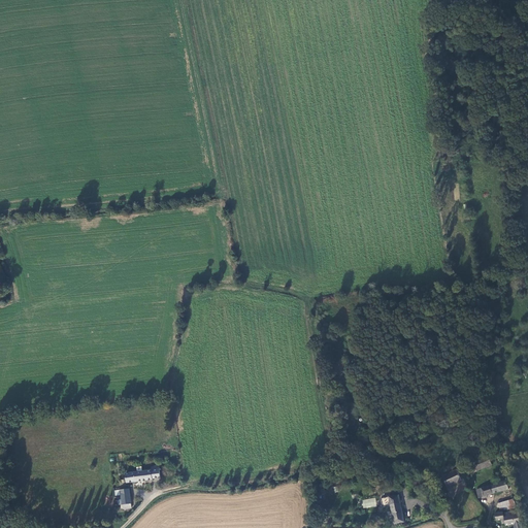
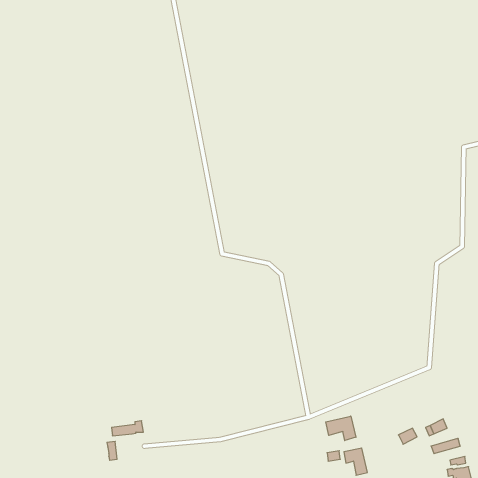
building: none -> [326,416,356,441]

